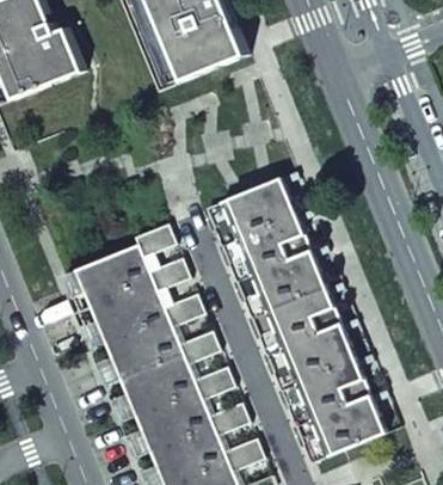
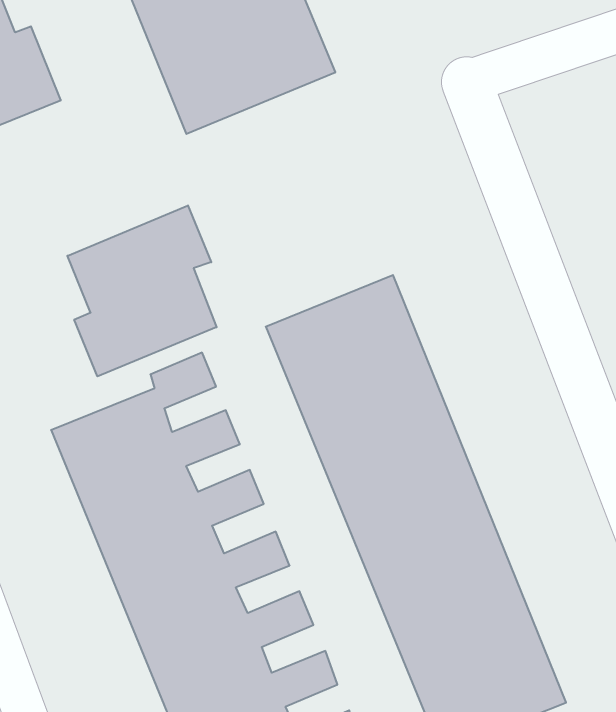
building: none -> [67,205,217,376]

